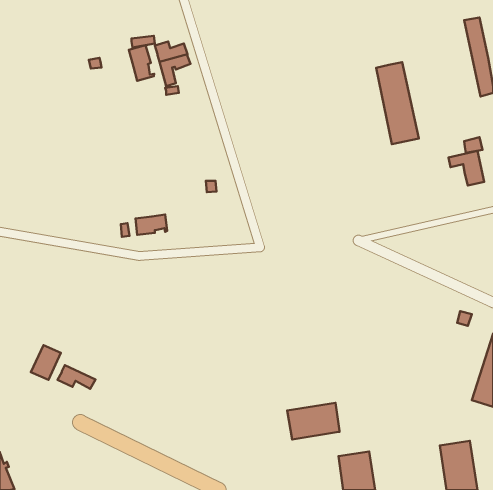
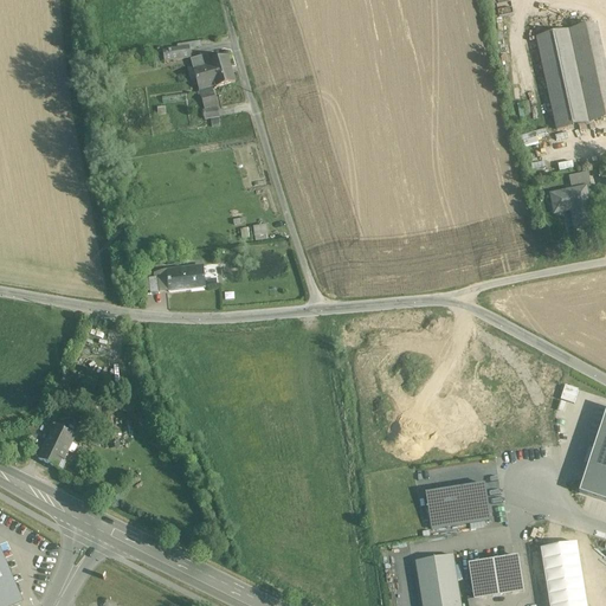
building: [129,45,154,81] -> none
building: [376,62,419,144] -> [536,25,588,125]
building: [58,365,96,389] -> none
building: [287,403,340,440] -> [425,482,489,527]
building: none -> [468,554,522,595]

